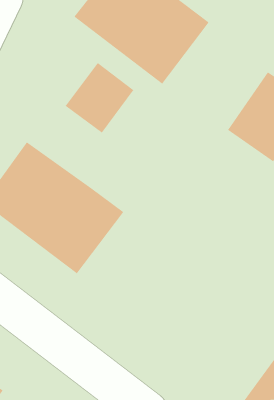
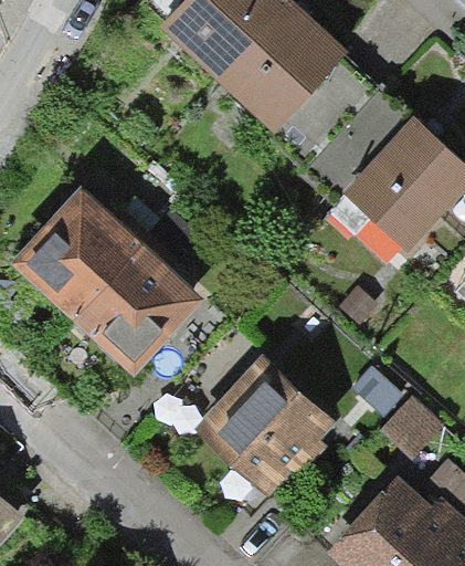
building: [65,62,134,134] -> none
building: none -> [197,360,329,493]

